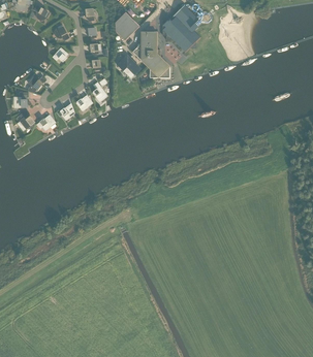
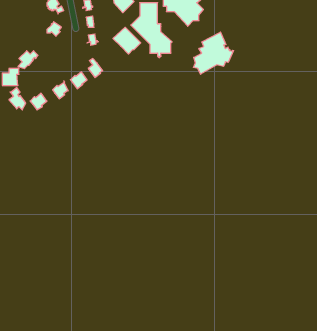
building: none -> [193,32,234,74]

